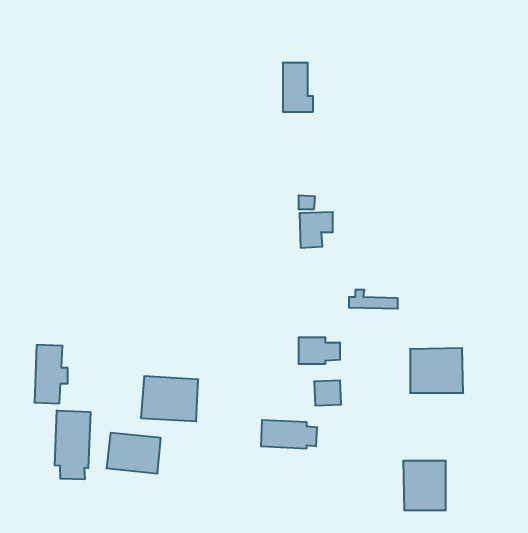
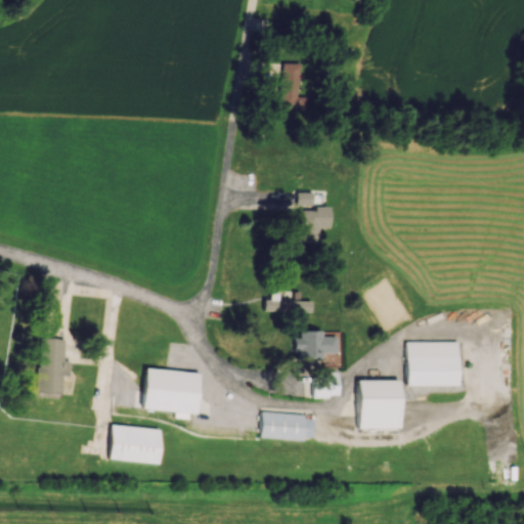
building: [349,290,398,309] -> [266,294,314,312]
building: [55,410,90,479] -> none
building: [403,461,446,510] -> [358,381,400,429]

